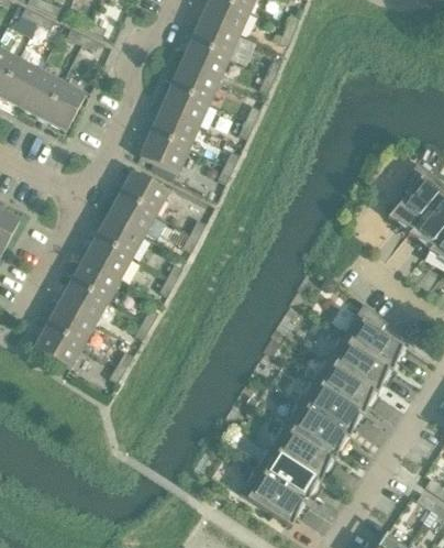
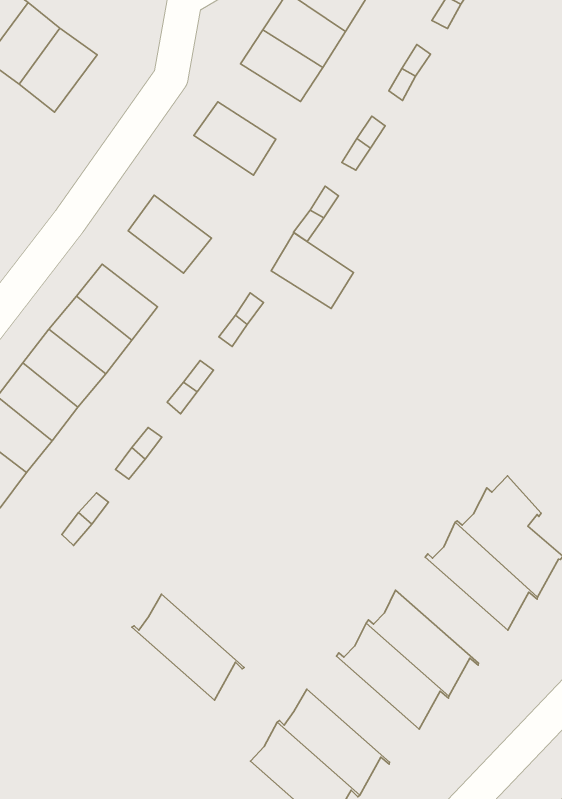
building: [160,87,209,128] -> none
building: [140,133,188,174] -> [271,233,354,308]
building: [108,195,156,237] -> none
building: [309,359,378,416] -> none
building: [266,425,335,482] -> [132,594,244,700]

